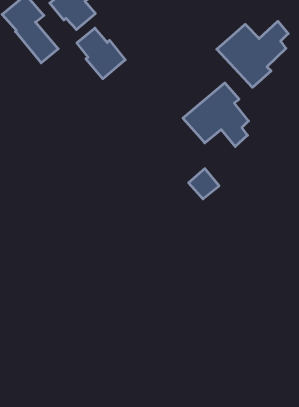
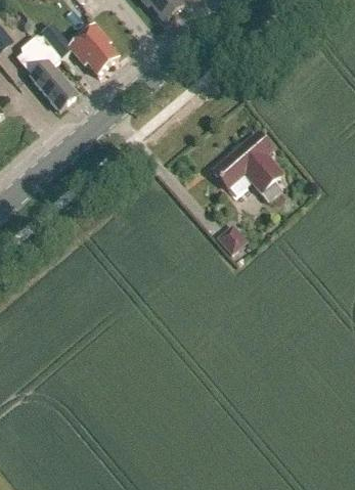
building: [217,21,288,87] -> none
building: [77,28,125,79] -> none

